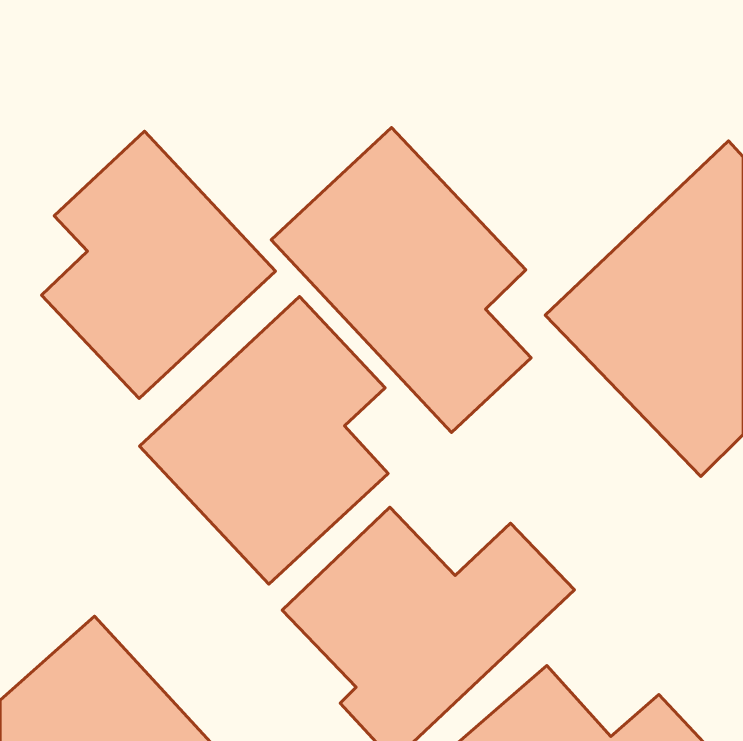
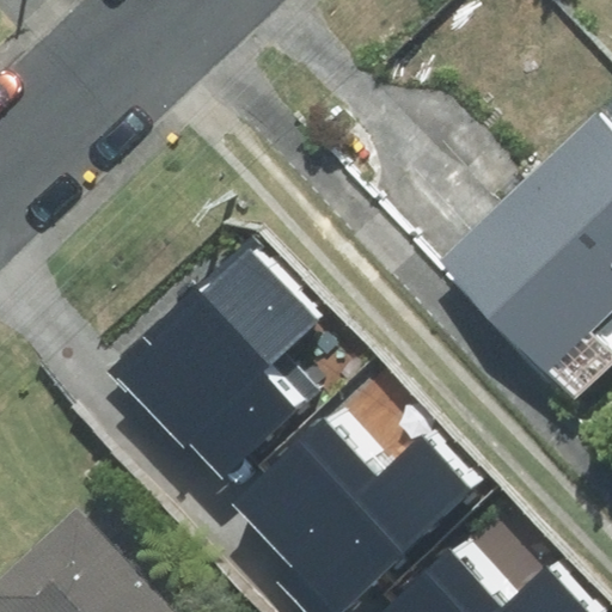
building: [271,127,531,432] -> none
building: [41,131,275,398] -> none

